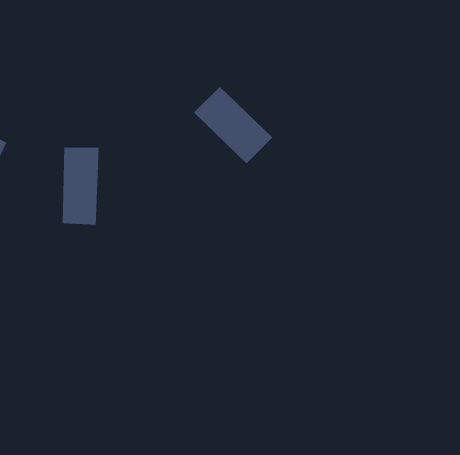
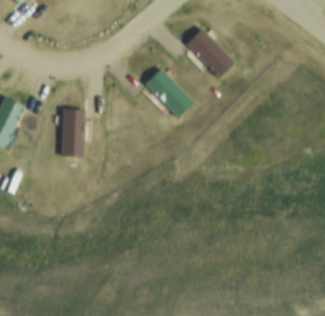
building: none -> [187,27,237,77]

